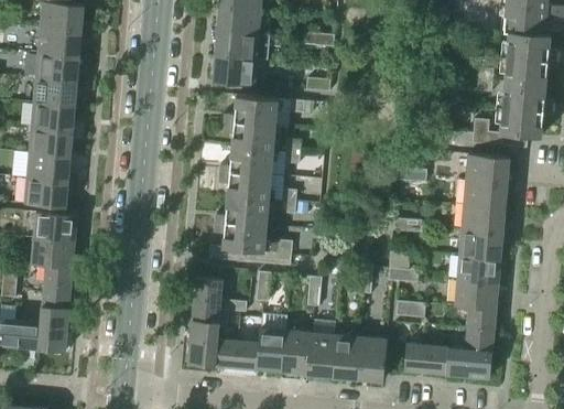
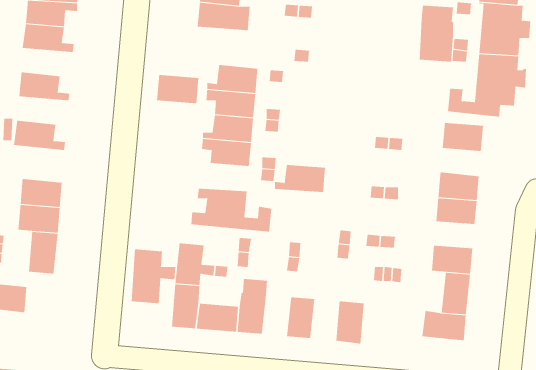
building: none -> [419,5,454,62]
building: [213,55,257,85] -> [156,75,199,104]
building: [34,77,88,106] -> none
building: [30,127,84,155] -> none
building: [24,176,79,207] -> none
building: [464,180,507,208] -> none
building: [216,195,269,224] -> [274,164,326,192]
building: [457,255,500,282] -> none
building: none -> [131,249,176,304]
building: [39,306,68,351] -> none
building: [282,330,311,373] -> none
building: [332,334,360,377] -> none
building: [403,343,448,373] -> none

